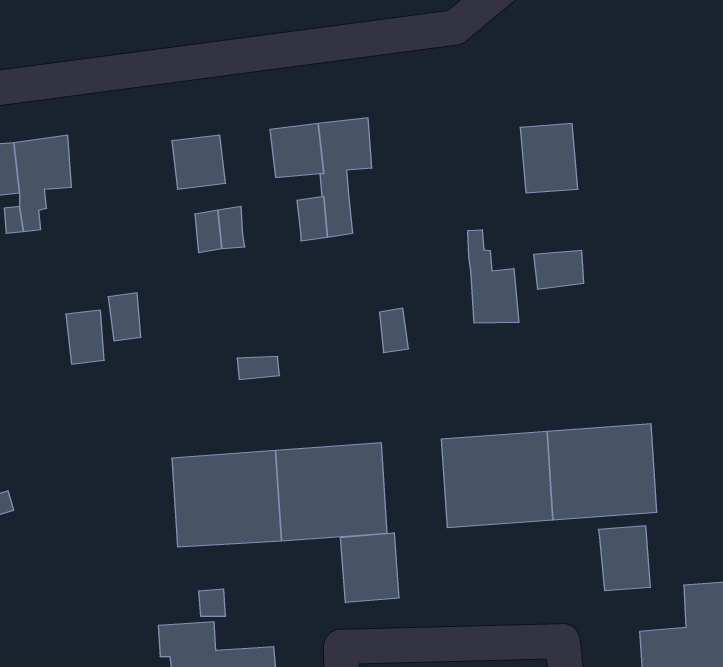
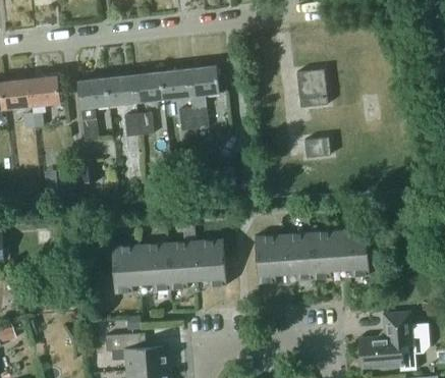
building: none -> [137,71,167,100]
building: none -> [79,77,115,141]
building: [468,230,519,323] -> none
building: [599,526,650,591] -> none
building: [341,533,399,603] -> none

